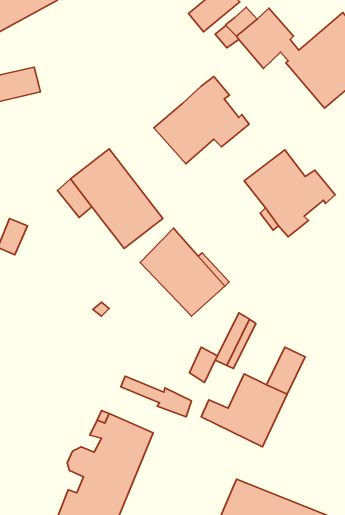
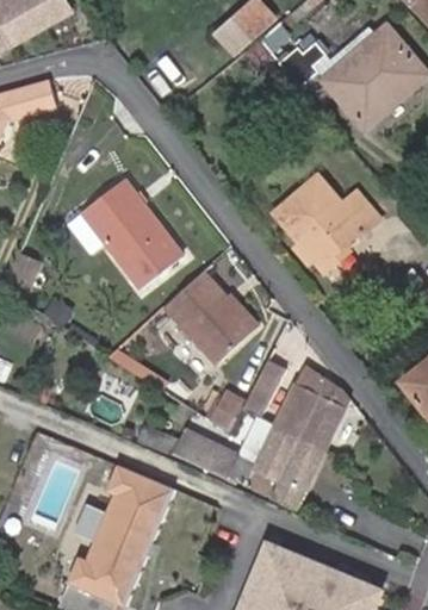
building: [154,77,249,164] -> none
building: none -> [275,363,348,438]

